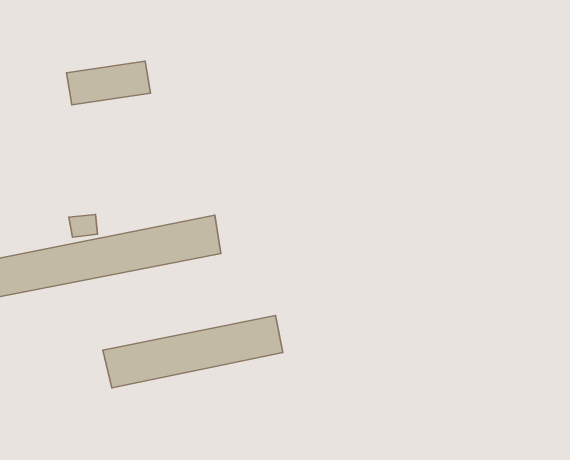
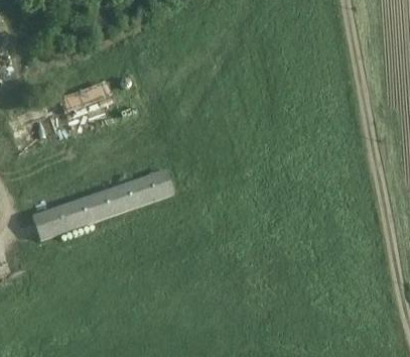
building: [103,316,283,388] -> none

